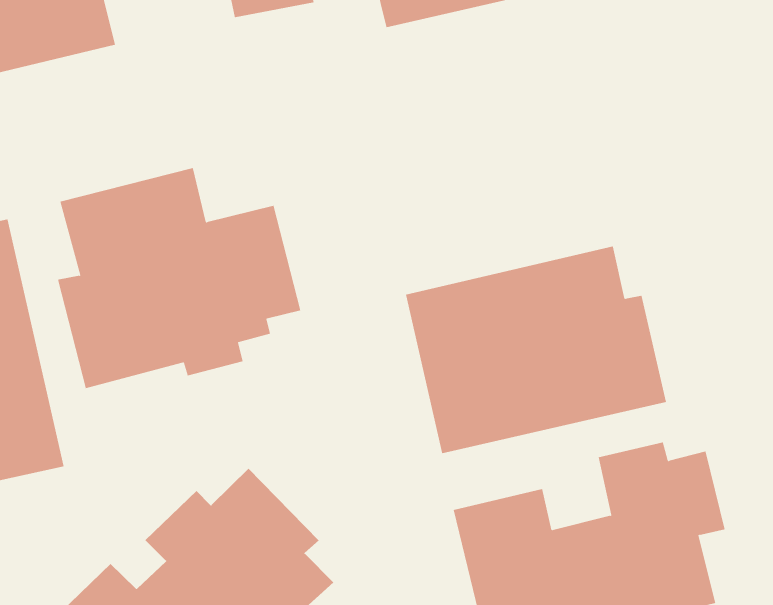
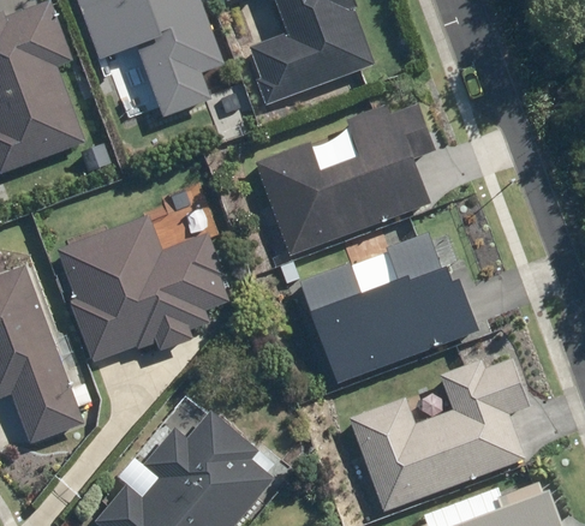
building: none -> [257,90,432,255]

